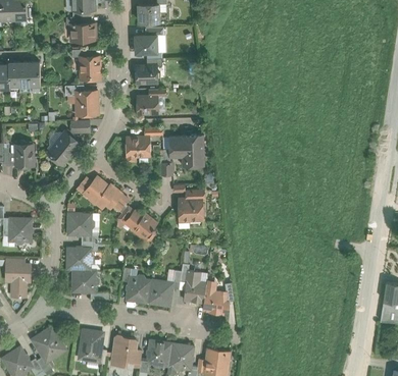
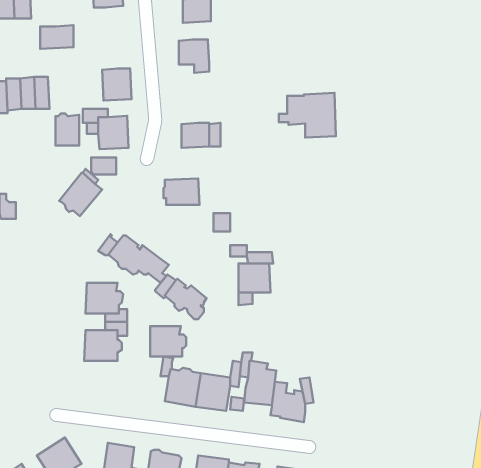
building: [70,23,95,41] -> [40,25,74,49]
building: [136,65,159,83] -> none
building: [162,135,204,167] -> [279,93,336,138]
building: [15,143,33,166] -> [55,114,79,146]
building: [8,218,32,245] -> none
building: [10,264,30,298] -> none
building: [71,270,98,292] -> [150,326,186,357]

